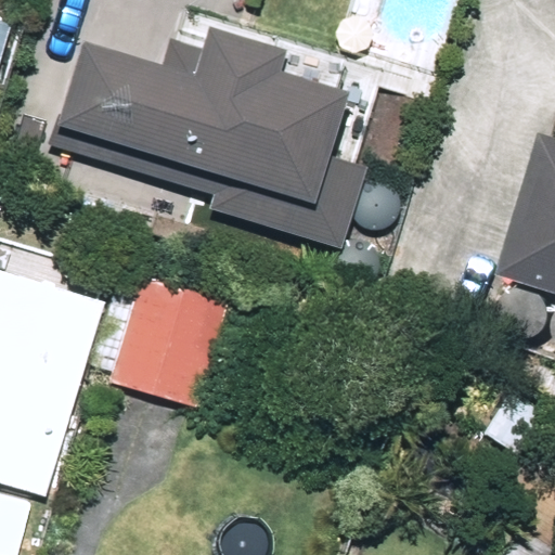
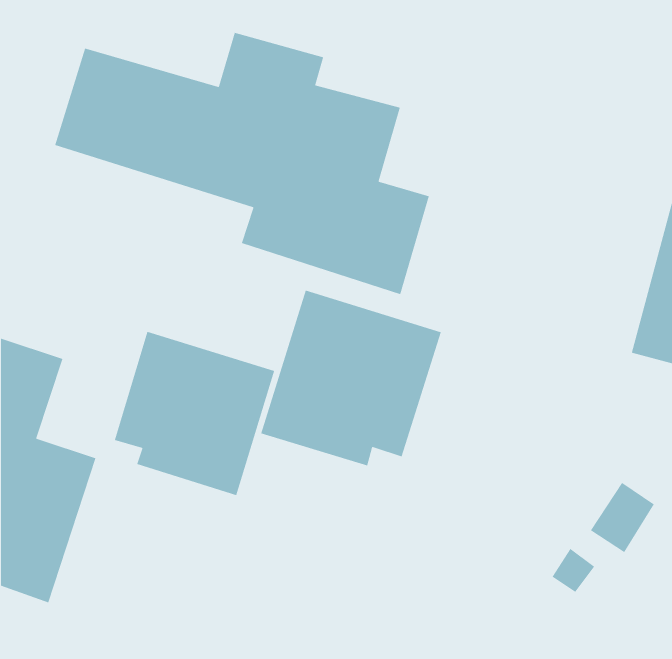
building: none -> [260,290,442,466]

